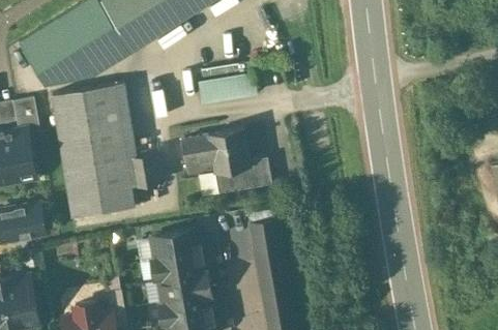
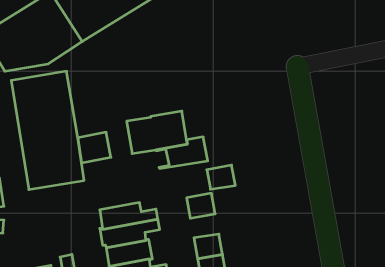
building: [201,73,259,101] -> none
building: [253,244,285,271] -> [207,165,235,189]

